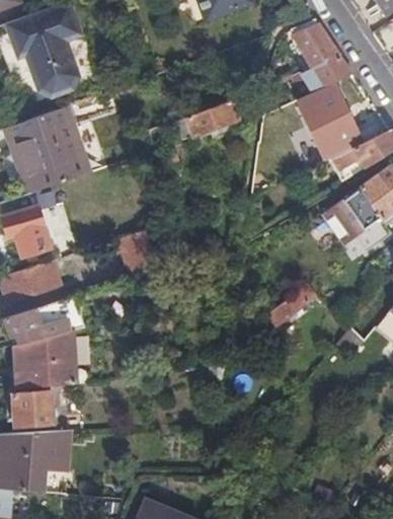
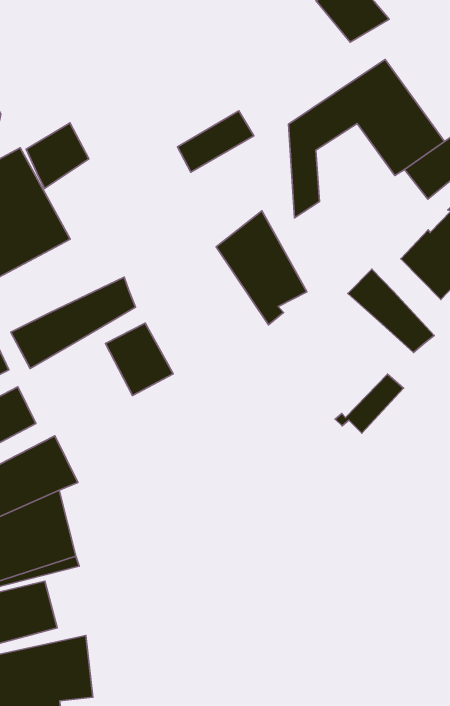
building: [292,56,352,91] -> none
building: none -> [26,123,89,189]
building: none -> [216,211,307,325]
building: none -> [11,277,135,369]
building: none -> [348,269,434,352]

